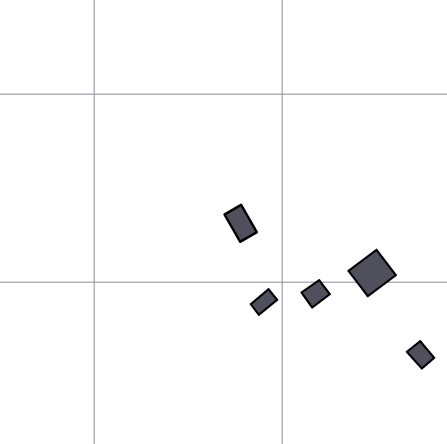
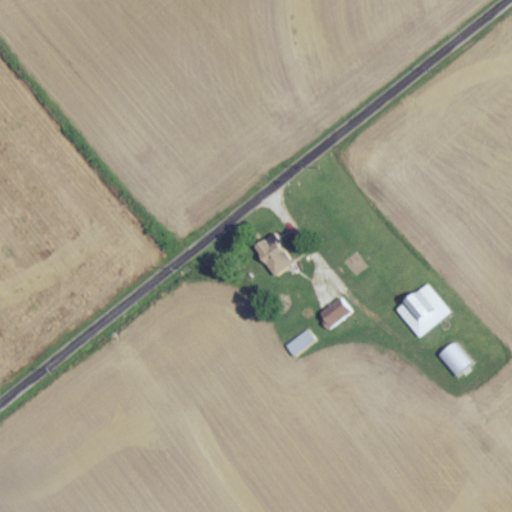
building: [302,280,330,308] -> [319,296,351,327]
building: [407,341,434,368] -> [438,344,469,375]

